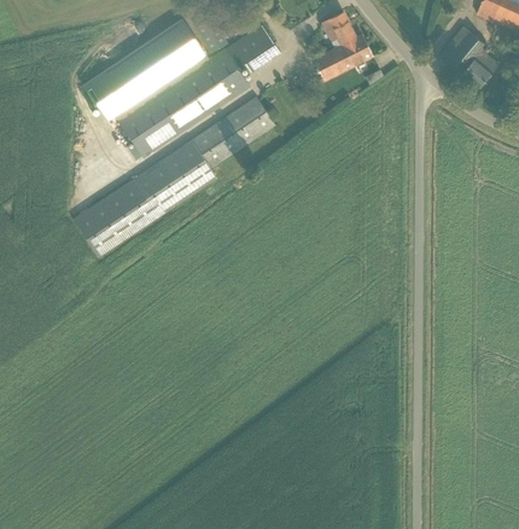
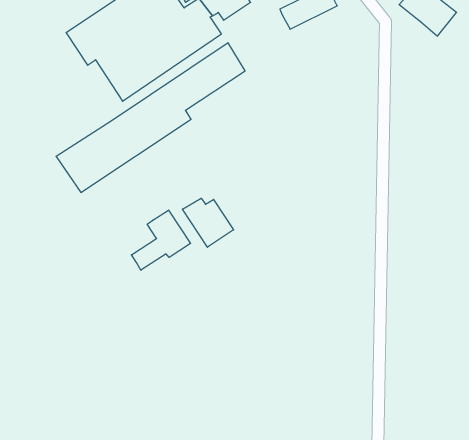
building: none -> [182,198,234,247]
building: none -> [131,210,191,270]

